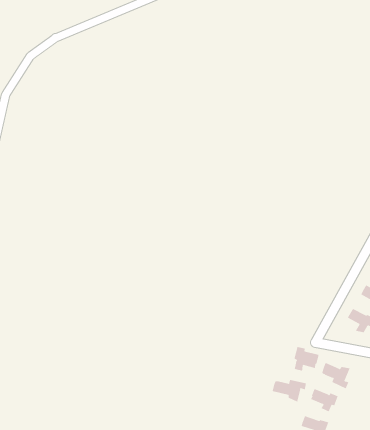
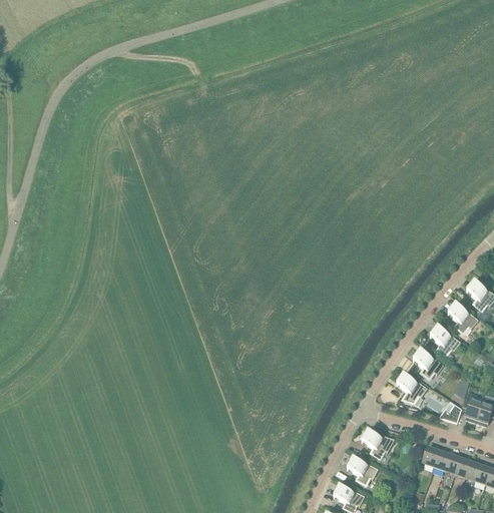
building: [294,346,319,371] -> none
building: [272,379,307,402] -> none

